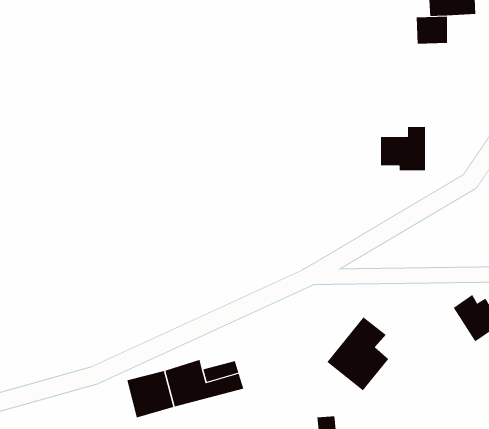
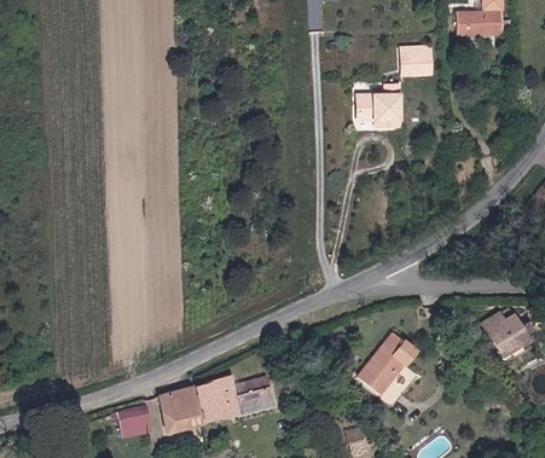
building: [416,16,448,44] -> [400,47,431,75]
building: [380,127,426,171] -> [356,85,401,128]
building: none -> [115,408,147,436]

